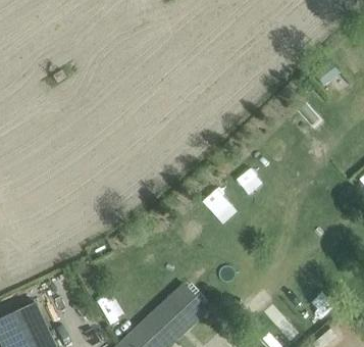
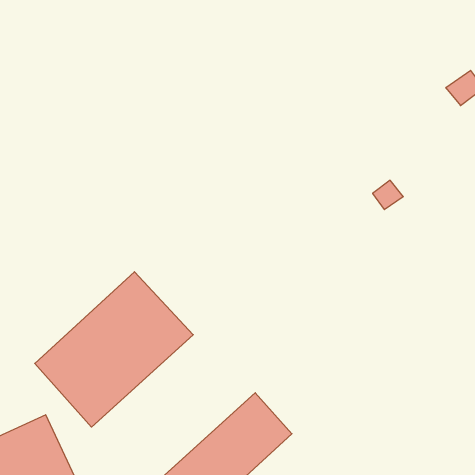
building: none -> [35,272,193,427]

